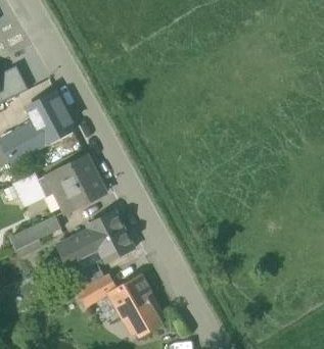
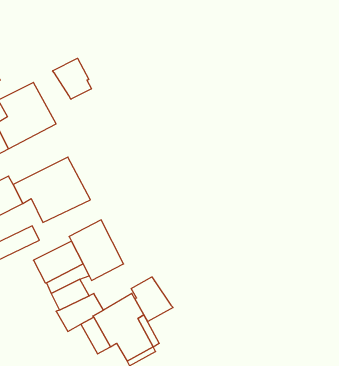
building: none -> [53,58,91,99]
building: none -> [131,277,173,321]

